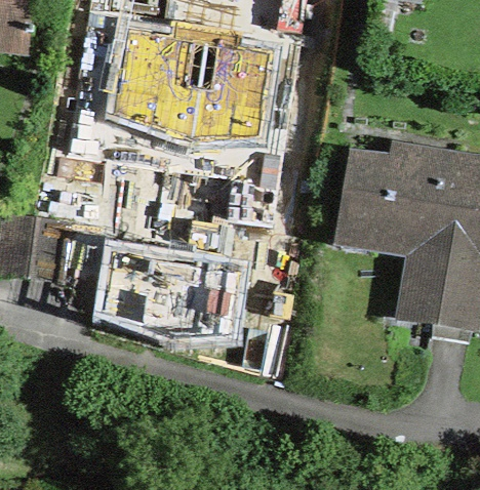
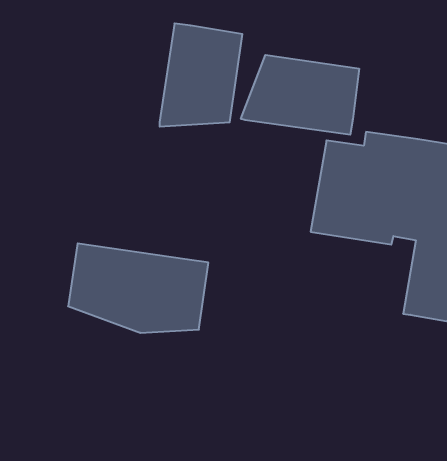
building: [113,30,204,140] -> none
building: none -> [241,55,359,135]

